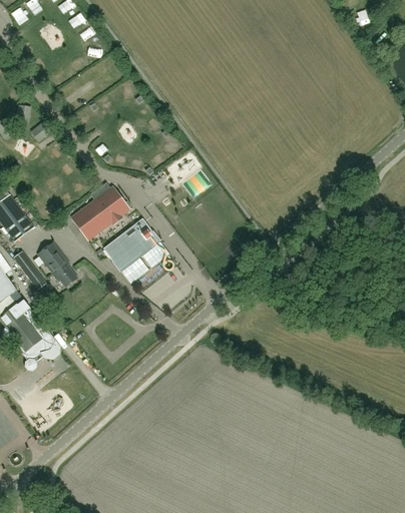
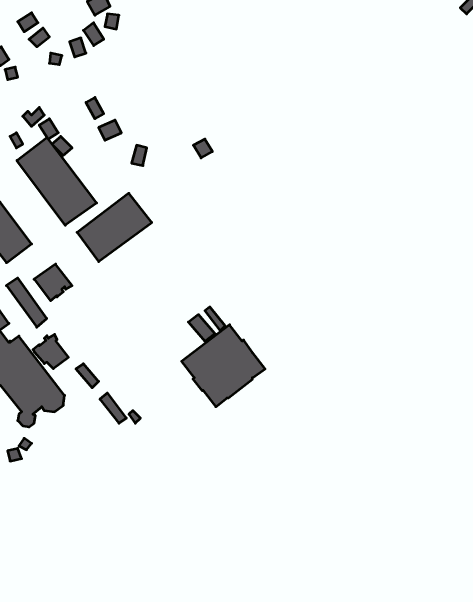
building: none -> [17,138,97,225]
building: [103,218,169,284] -> [182,325,265,407]
building: [49,259,77,286] -> [33,334,68,369]

